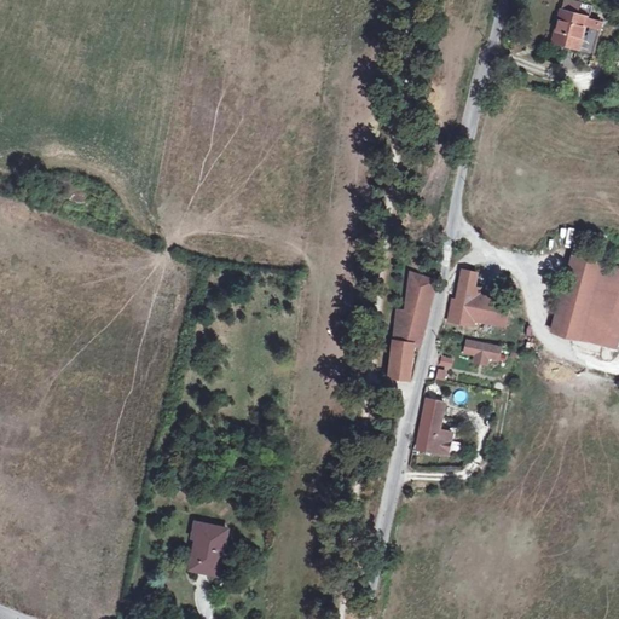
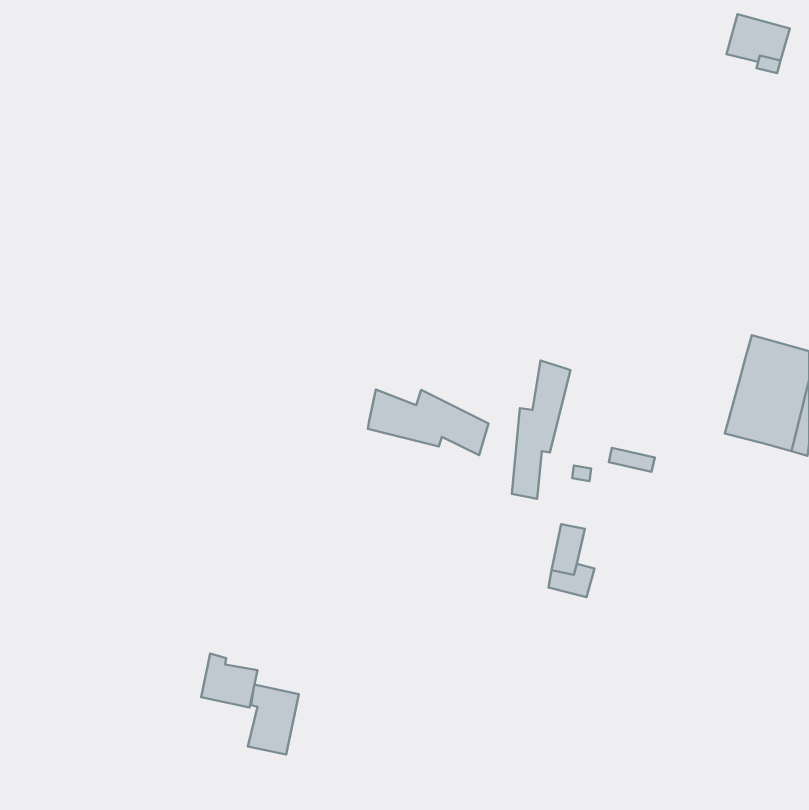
building: [449,272,507,326] -> none
building: none -> [368,389,489,455]
building: none -> [201,654,257,707]

